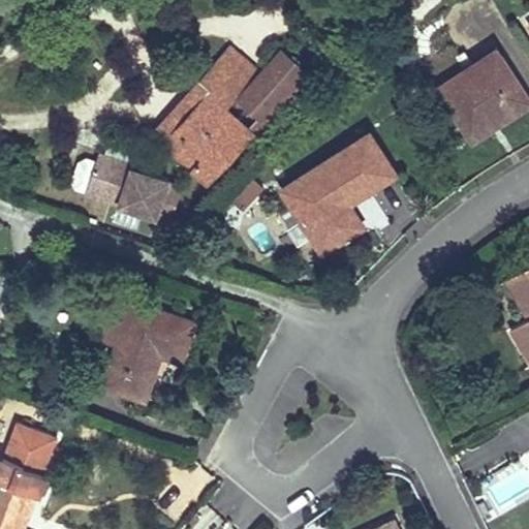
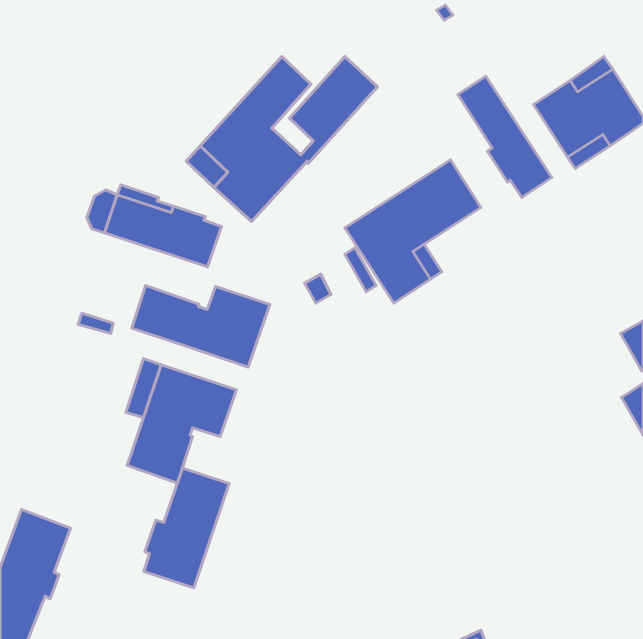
building: none -> [458,76,552,198]
building: none -> [132,286,270,367]
building: none -> [144,468,229,588]

